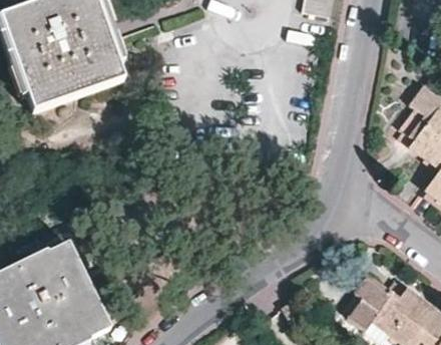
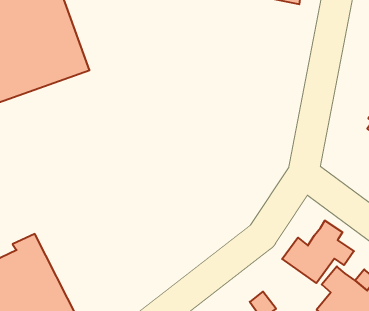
building: none -> [282,220,354,283]

